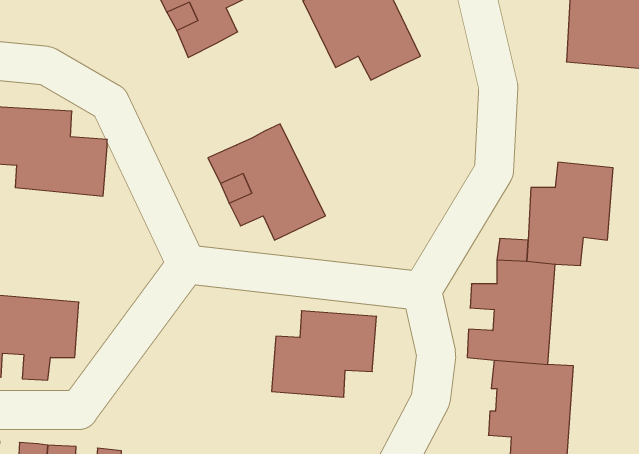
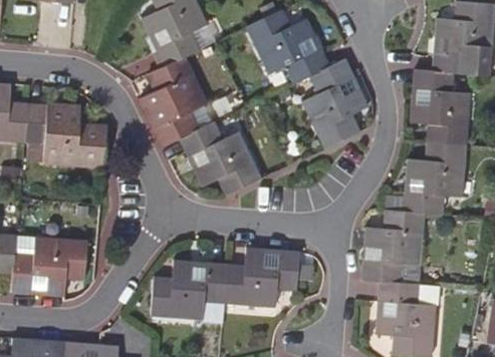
building: none -> [140,57,207,146]
building: none -> [300,59,367,148]
building: none -> [412,69,470,145]
building: none -> [154,261,227,321]

